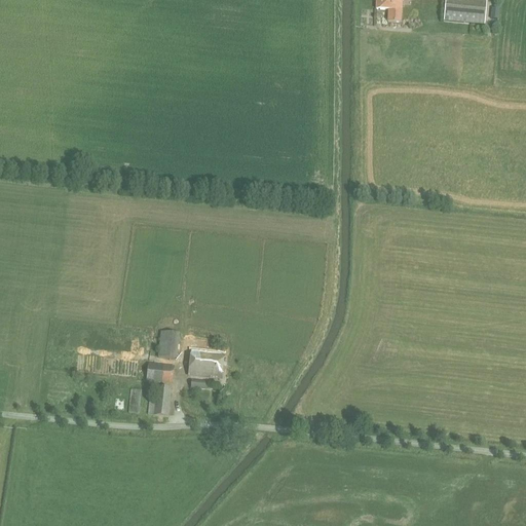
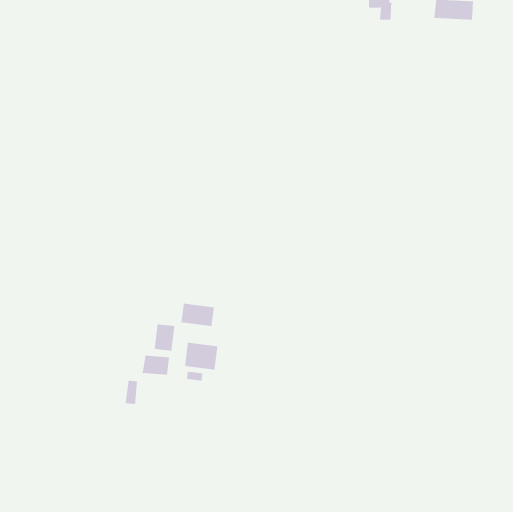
building: none -> [181,303,214,327]
building: [147,385,171,416] -> none

